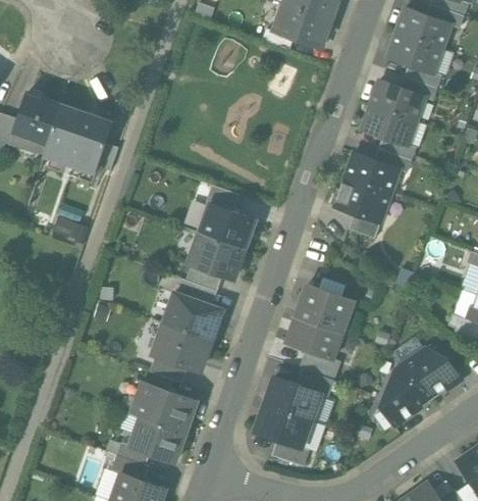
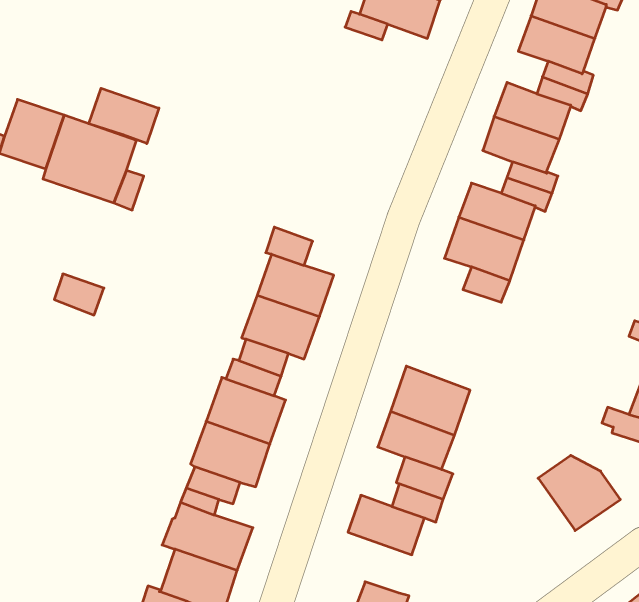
building: none -> [89,88,159,144]
building: [379,365,427,427] -> none
building: [254,404,310,448] -> none

